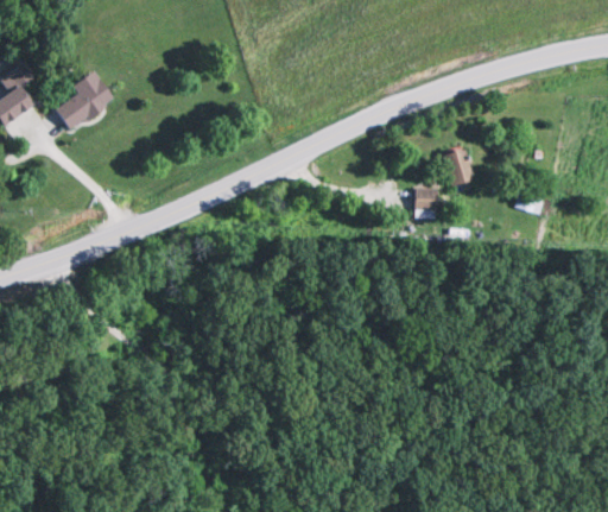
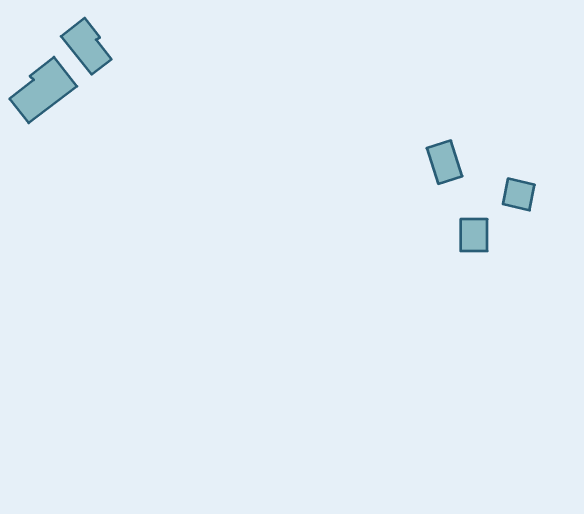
building: none -> [61,18,111,74]
building: [412,188,437,217] -> [461,219,487,251]

